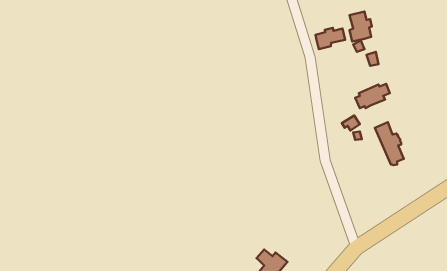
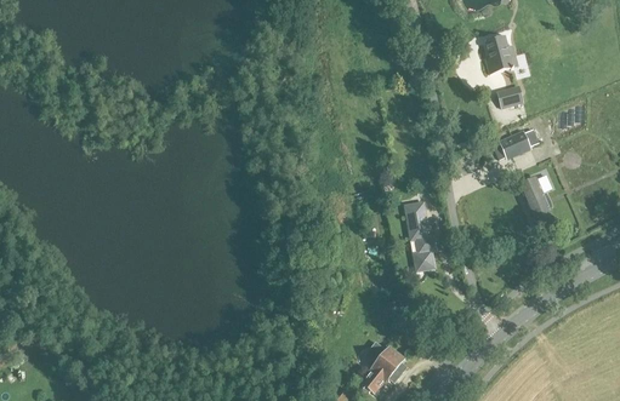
building: [315,28,345,49] -> none
building: none -> [405,201,438,270]

